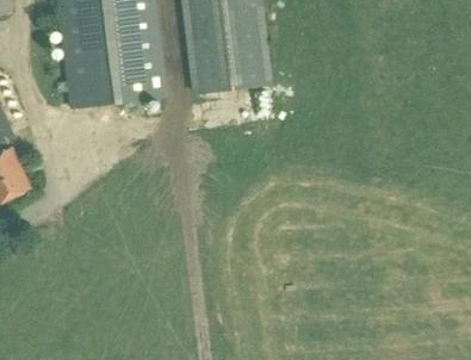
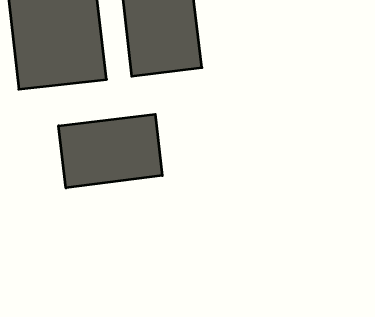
building: none -> [59,114,162,188]

